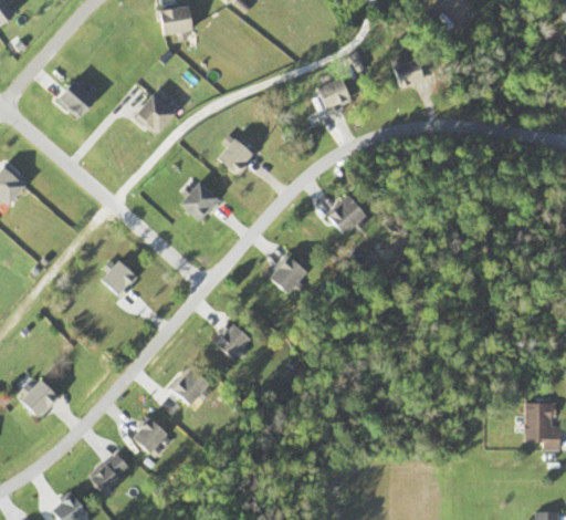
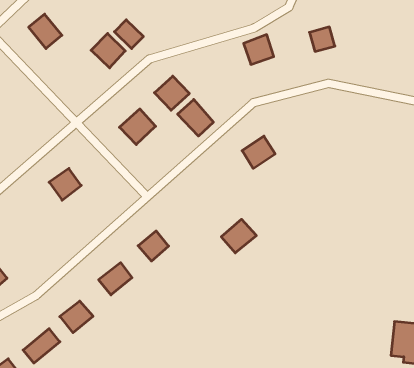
building: none -> [114,20,143,49]
building: none -> [178,99,213,136]
building: [266,253,308,294] -> [221,219,256,253]

